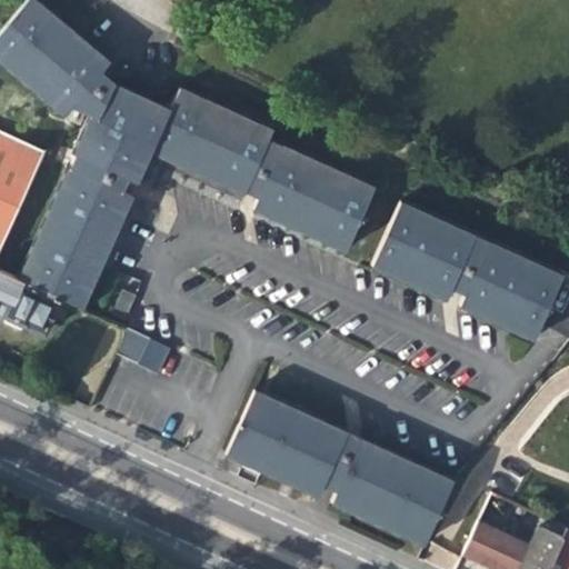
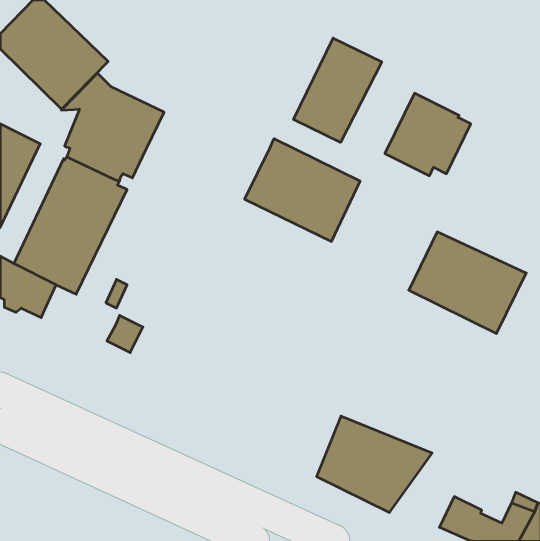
building: none -> [294,38,382,142]
building: [153,97,283,204] -> none
building: [370,211,460,298] -> [385,93,471,176]
building: [224,389,359,493] -> none

